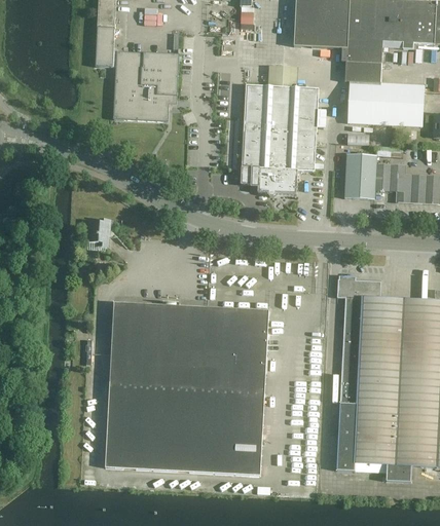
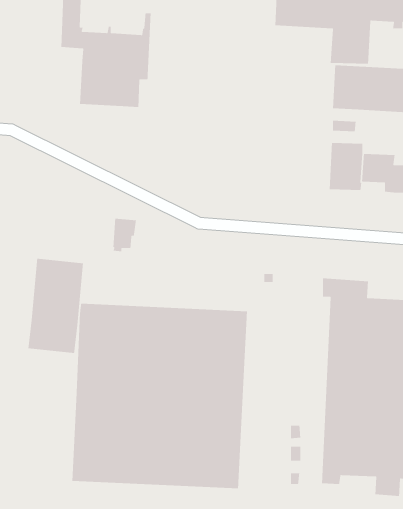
building: [241,65,319,196] -> none
building: [88,218,111,250] -> [112,218,137,252]
building: none -> [27,258,84,354]

